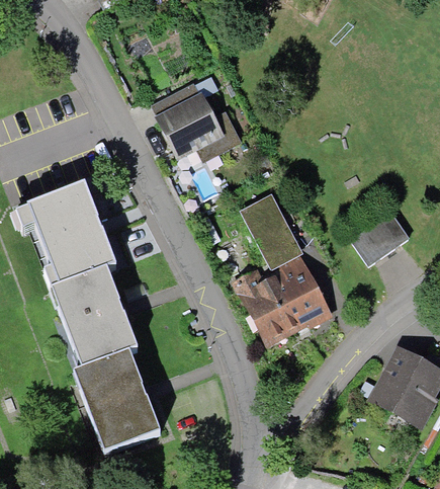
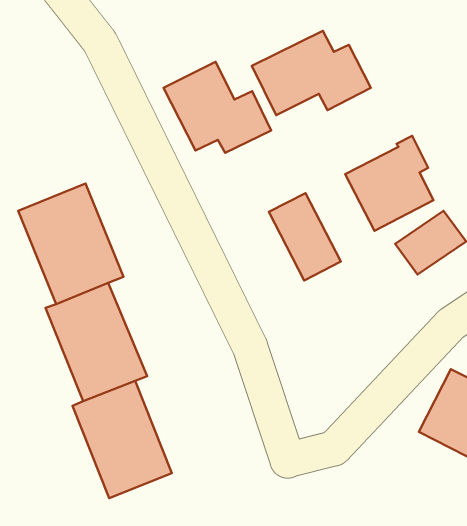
building: none -> [252,31,371,115]
building: none -> [345,136,434,231]
building: [231,258,334,346] -> none

